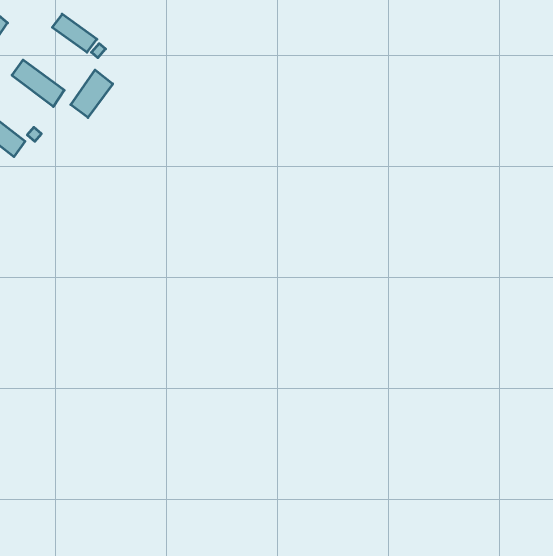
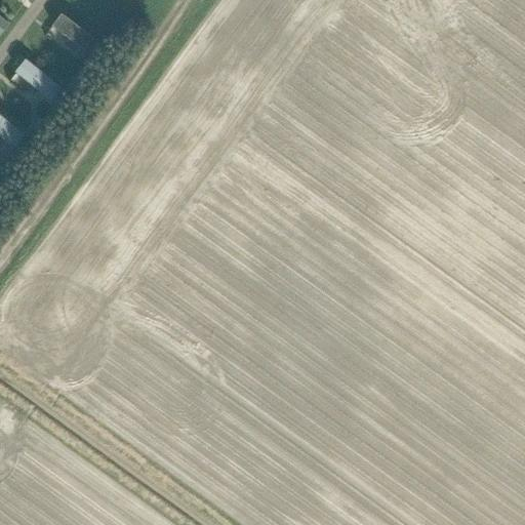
building: [71,70,113,118] -> none

